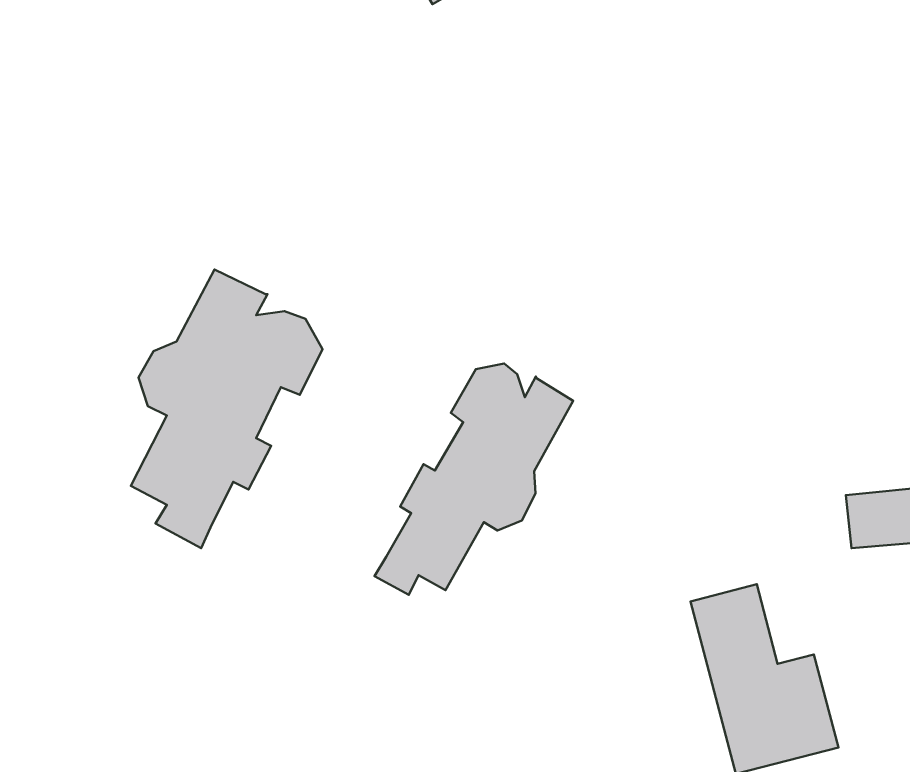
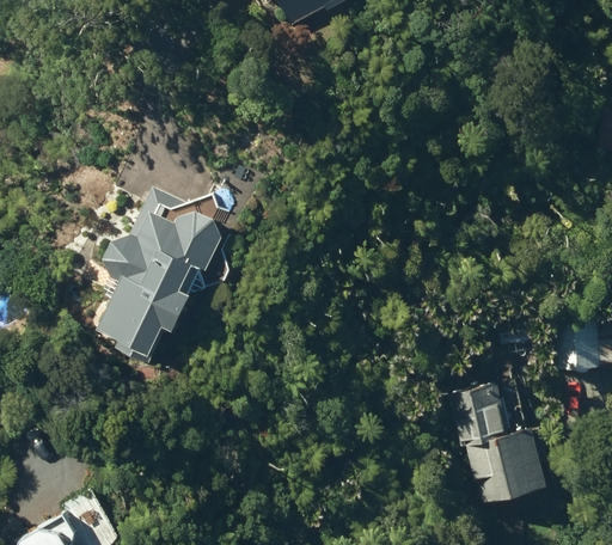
building: [374,364,573,595] -> none

